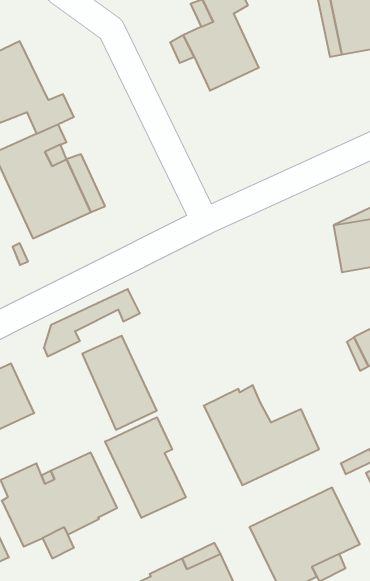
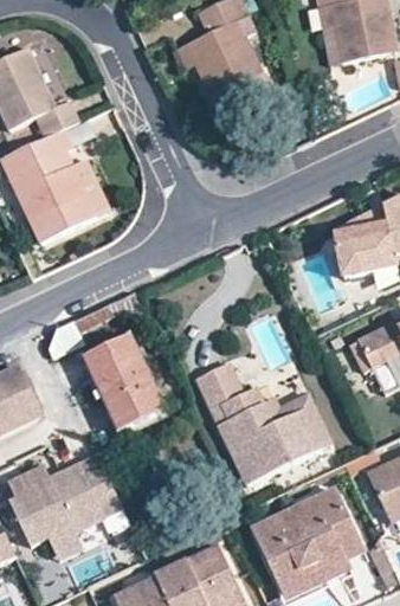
building: none -> [194,363,241,407]
building: none -> [263,393,331,450]
building: [105,417,186,518] -> none

